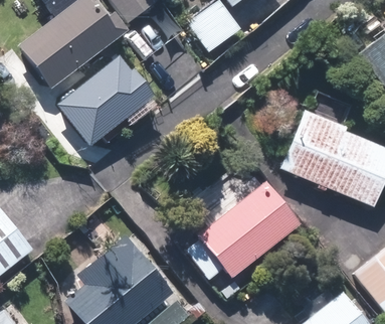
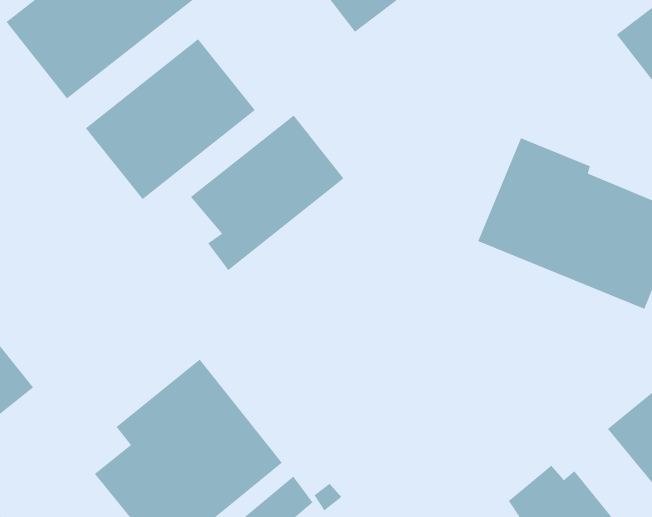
building: none -> [190,114,344,271]
building: [179,187,290,285] -> none

